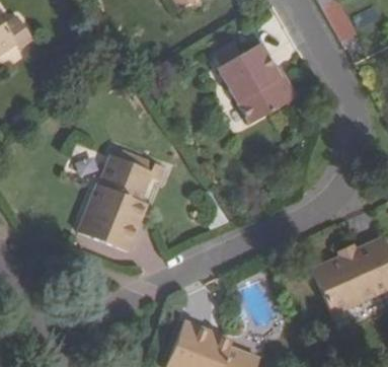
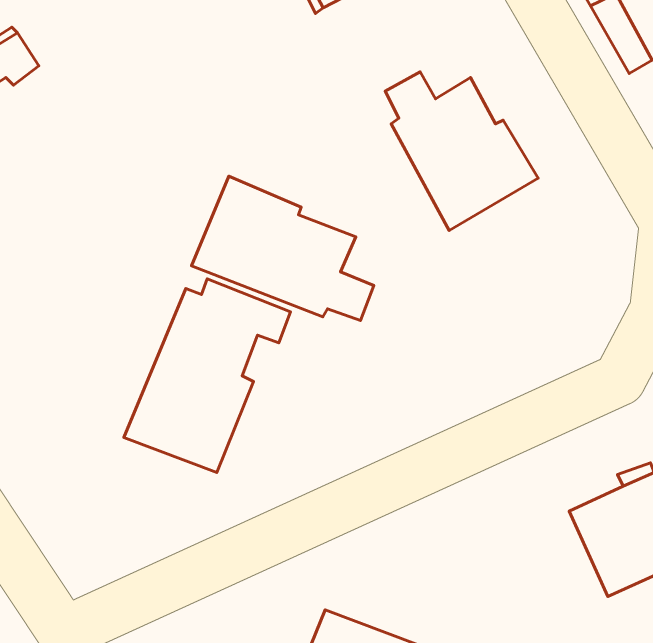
building: none -> [191,176,374,321]

